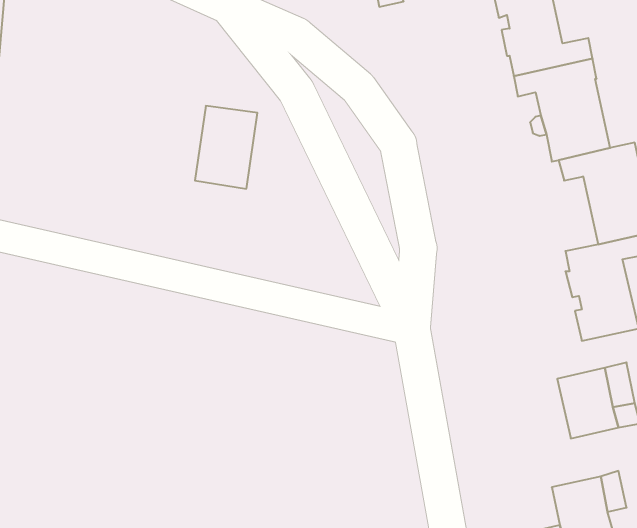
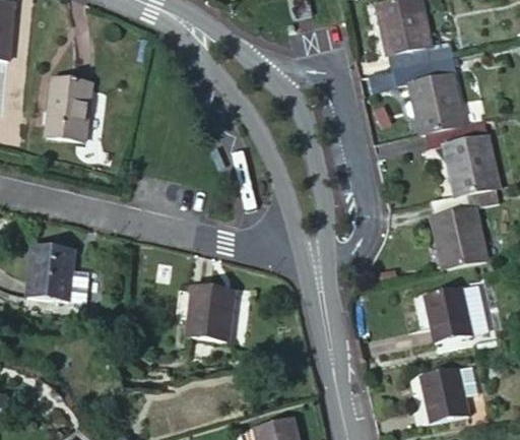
building: [195,106,257,189] -> [46,79,92,141]
building: none -> [27,244,89,302]
building: none -> [186,287,235,339]

